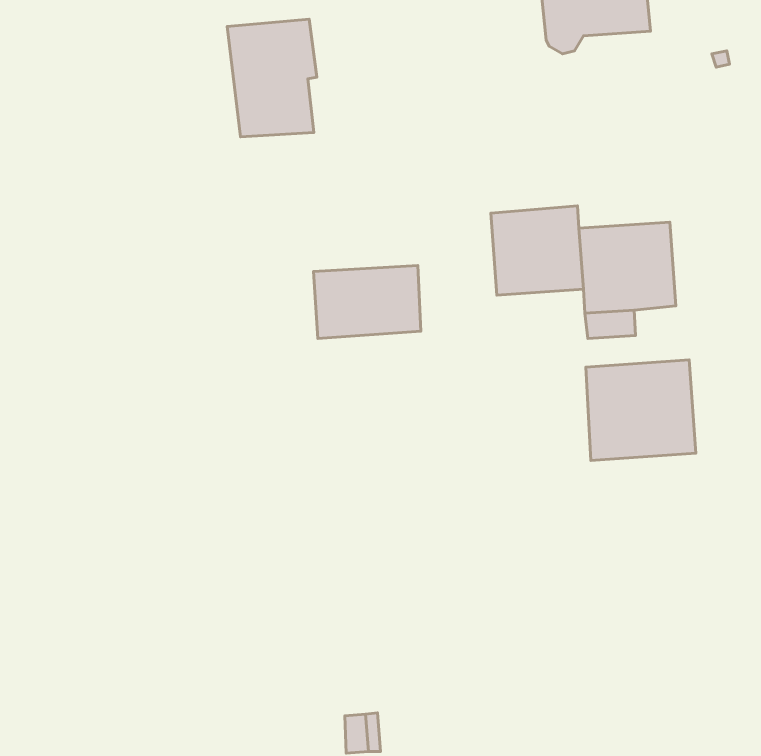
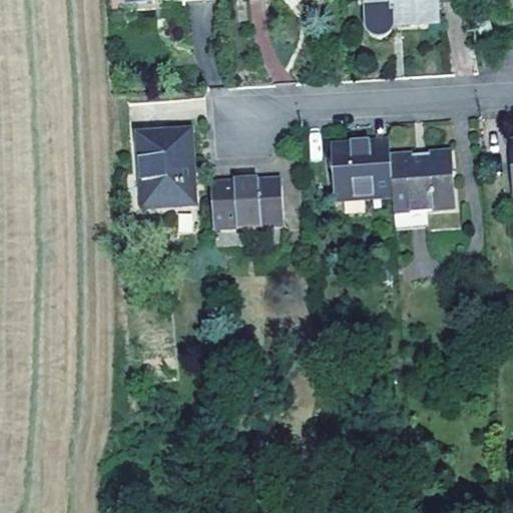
building: [227,19,317,137] -> [135,127,195,206]
building: [586,360,696,460] -> none

